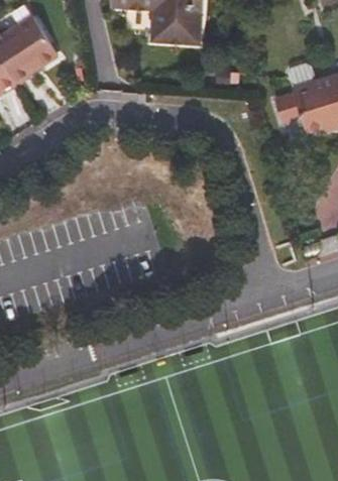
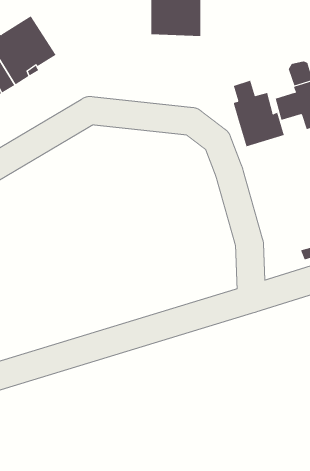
building: none -> [233,80,285,147]

